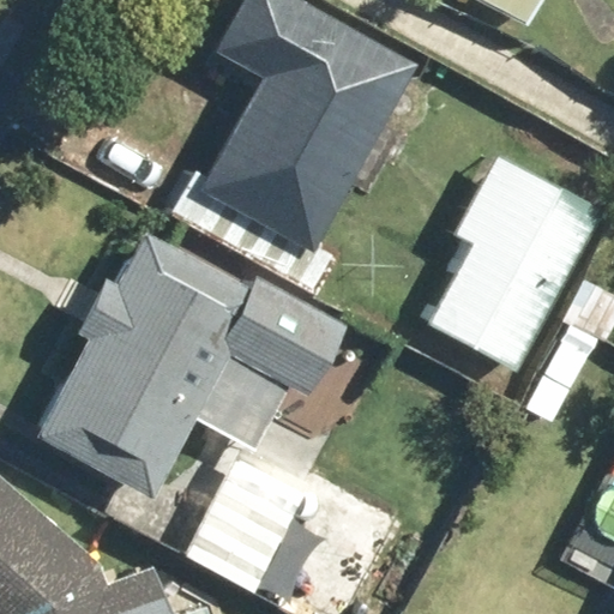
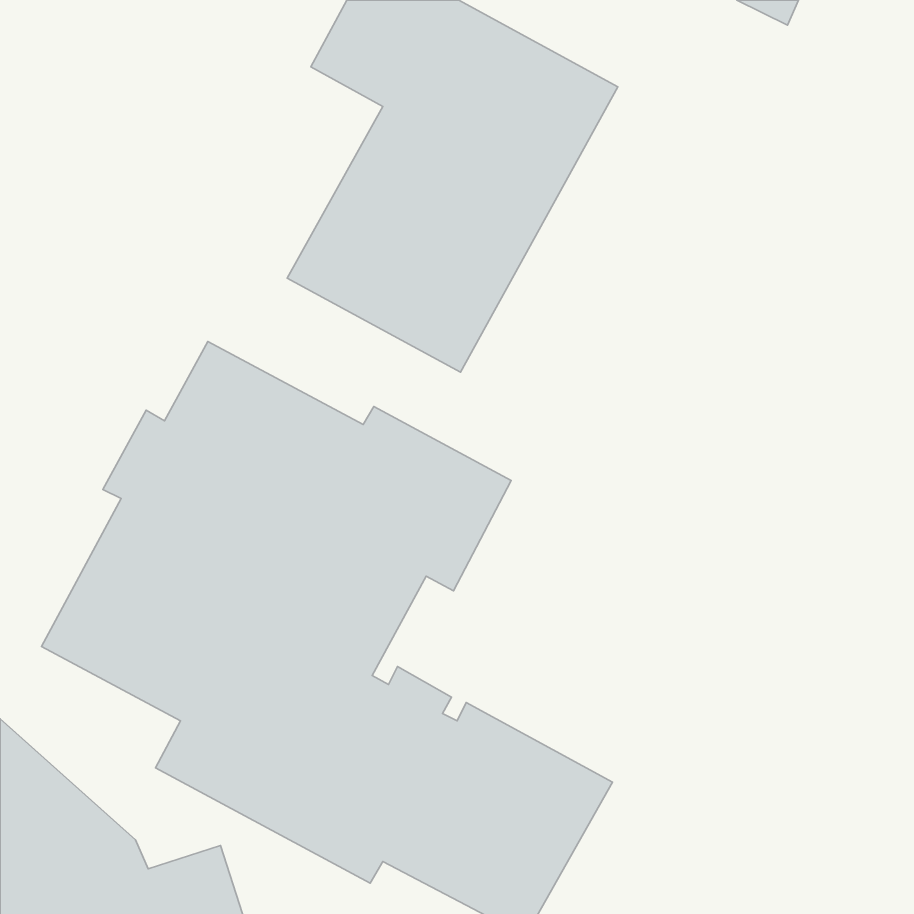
building: [427,154,604,373] -> none

